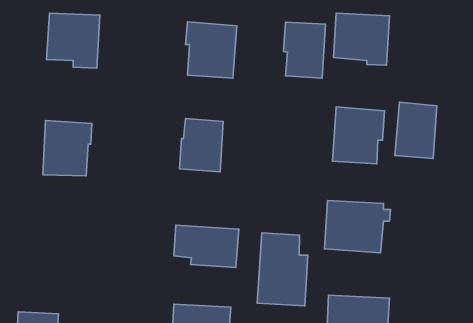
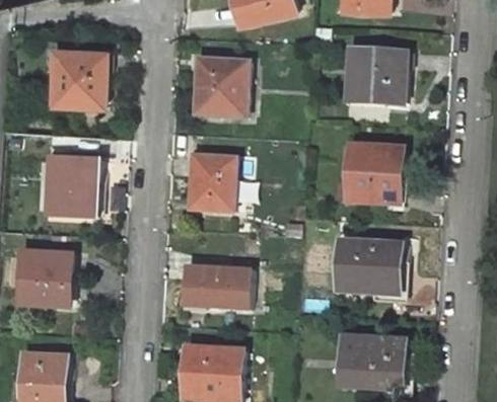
building: [283,22,325,78] -> none
building: [395,102,437,158] -> none
building: none -> [19,253,67,305]
building: [257,233,308,306] -> none

